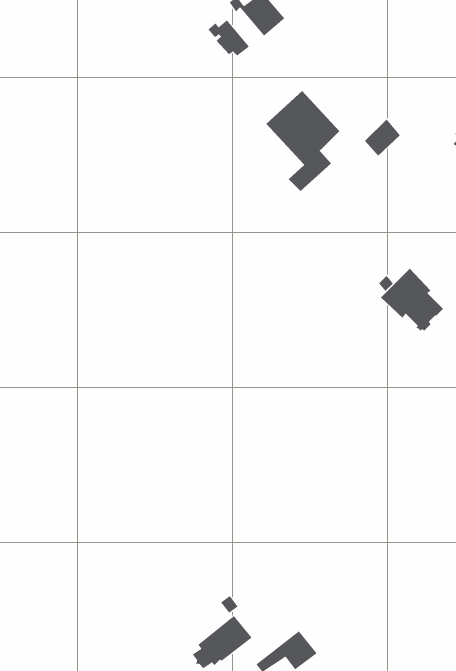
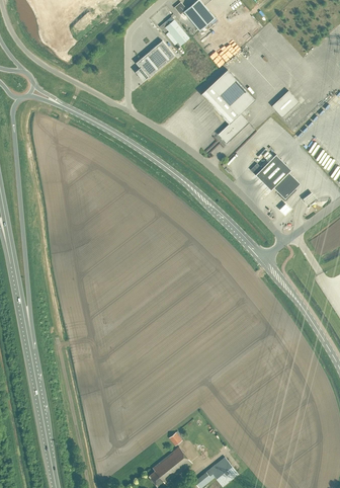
building: none -> [136,40,175,80]
building: [380,268,444,331] -> [255,154,301,199]

